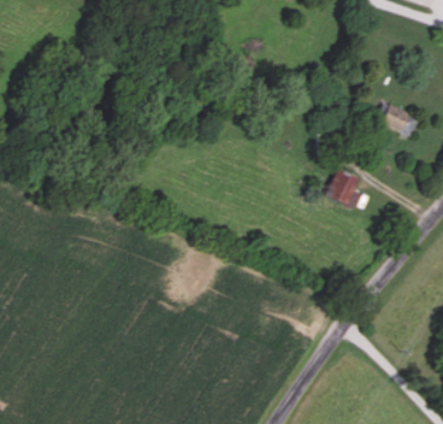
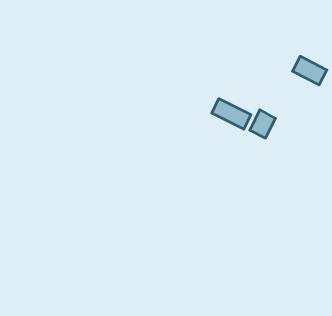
building: none -> [212,99,251,129]

